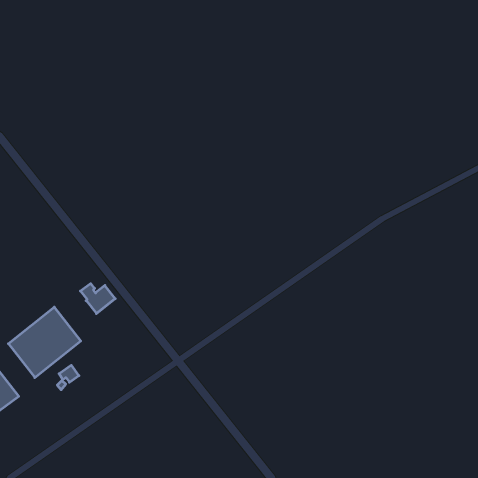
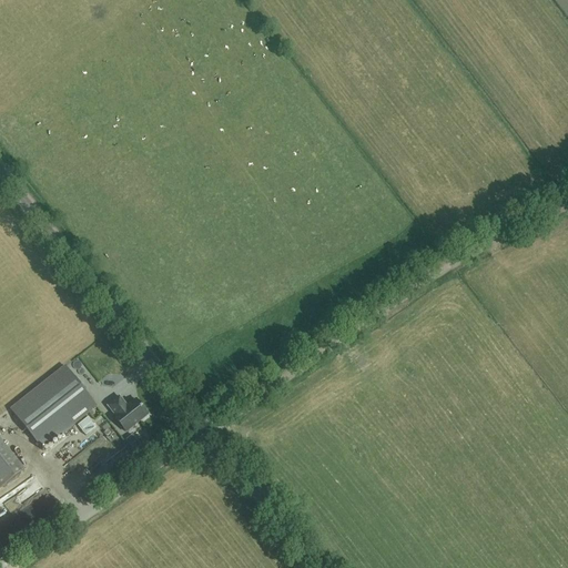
building: [80,284,115,314] -> [106,394,148,429]

